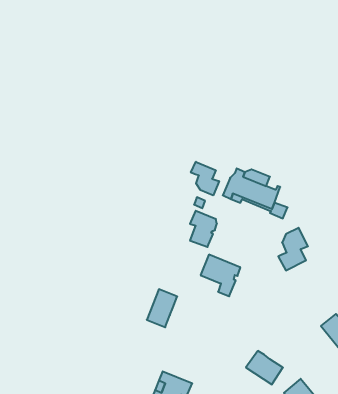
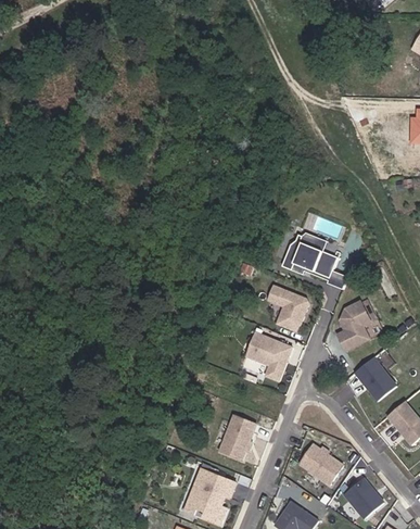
building: [191,162,219,195] -> none
building: [190,211,217,247] -> [277,287,308,329]
building: none -> [355,355,396,399]
building: [147,289,177,327] -> [219,414,255,458]

